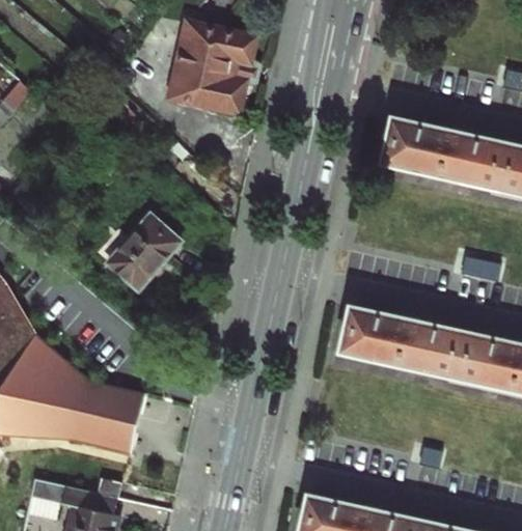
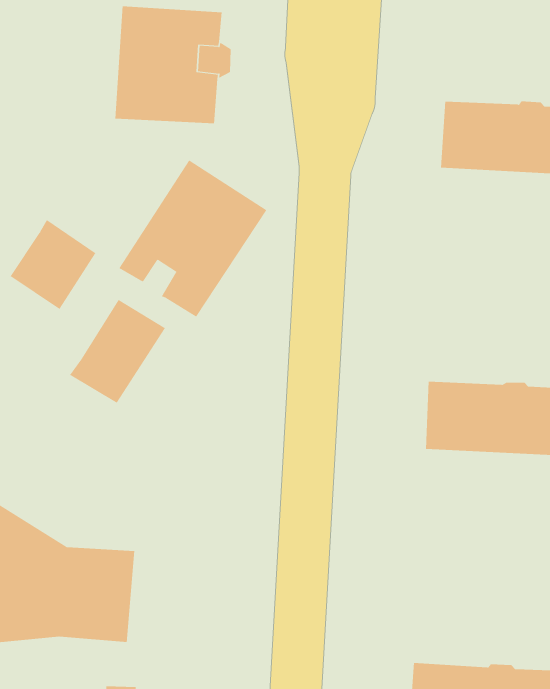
building: none -> [119,160,267,318]
building: none -> [10,219,96,310]

